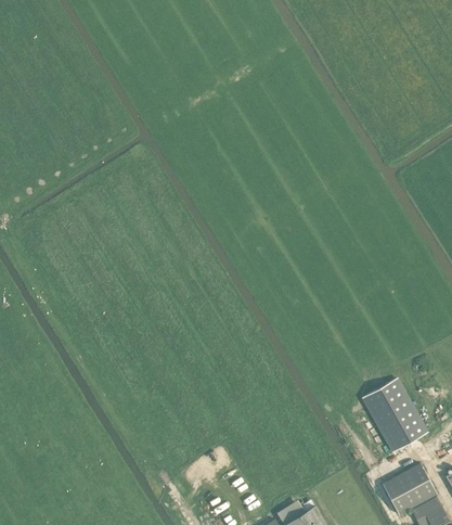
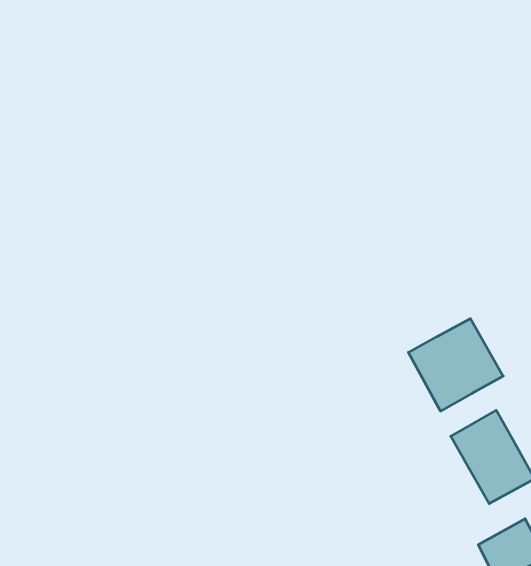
building: none -> [408,319,503,411]

